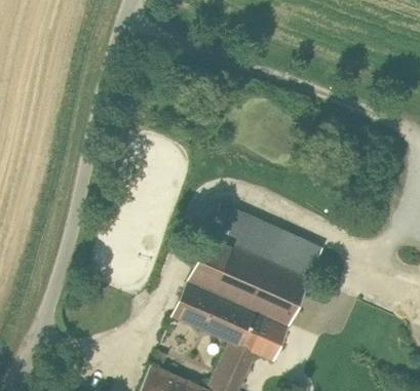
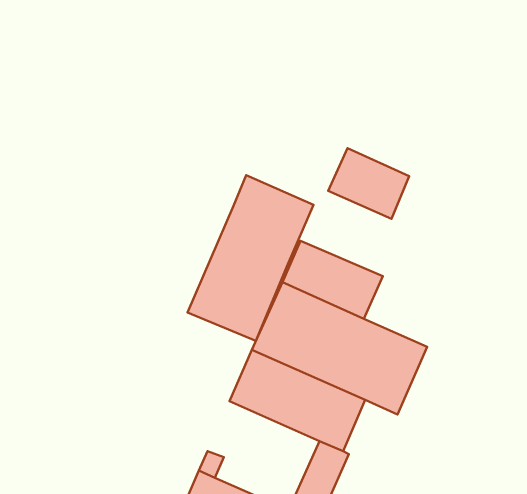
building: none -> [187,175,314,341]
building: [266,228,322,277] -> [328,148,409,219]
building: [252,314,290,360] -> none

